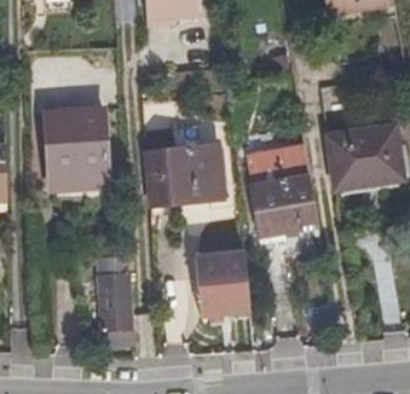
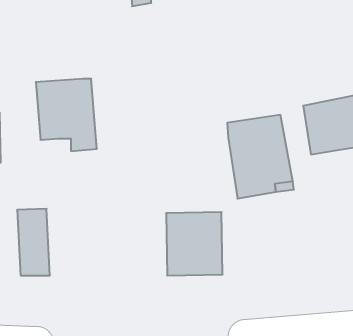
building: [148,141,221,203] -> none
building: [99,273,134,344] -> [17,209,50,275]

